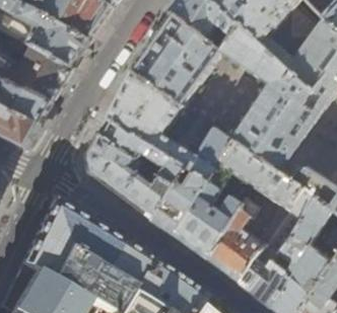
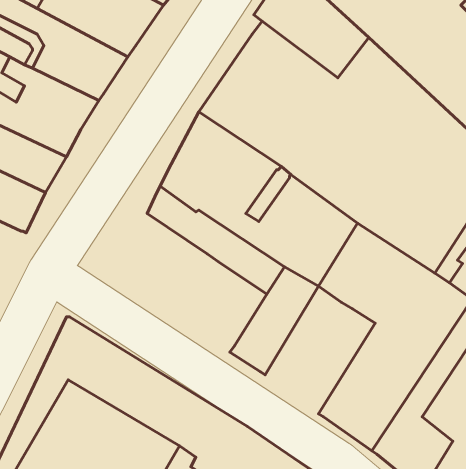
building: [90,137,178,220] -> none
building: [177,182,246,262] -> none

